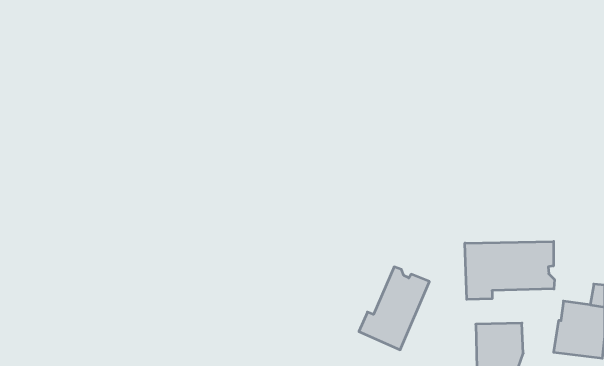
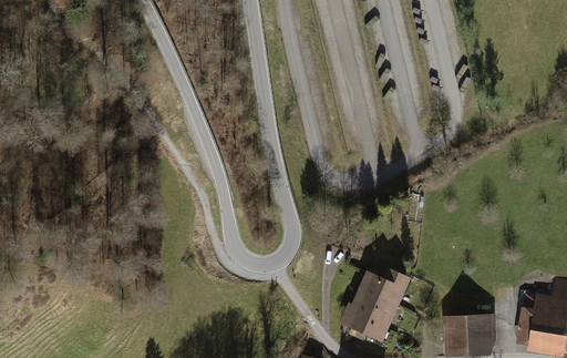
building: [465,241,554,299] -> none

